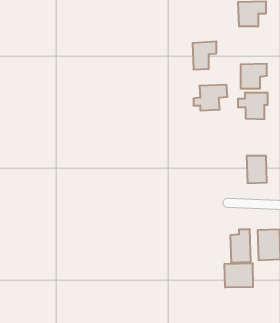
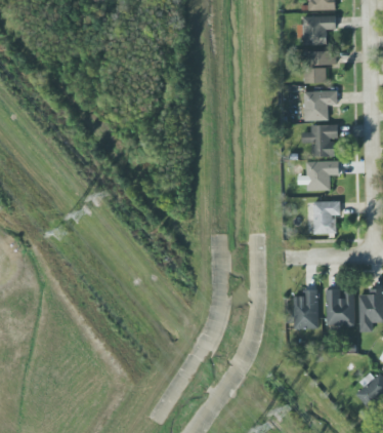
building: [192,41,216,70] -> [306,50,335,84]
building: [193,85,227,110] -> [298,160,339,191]
building: [225,263,253,288] -> none

